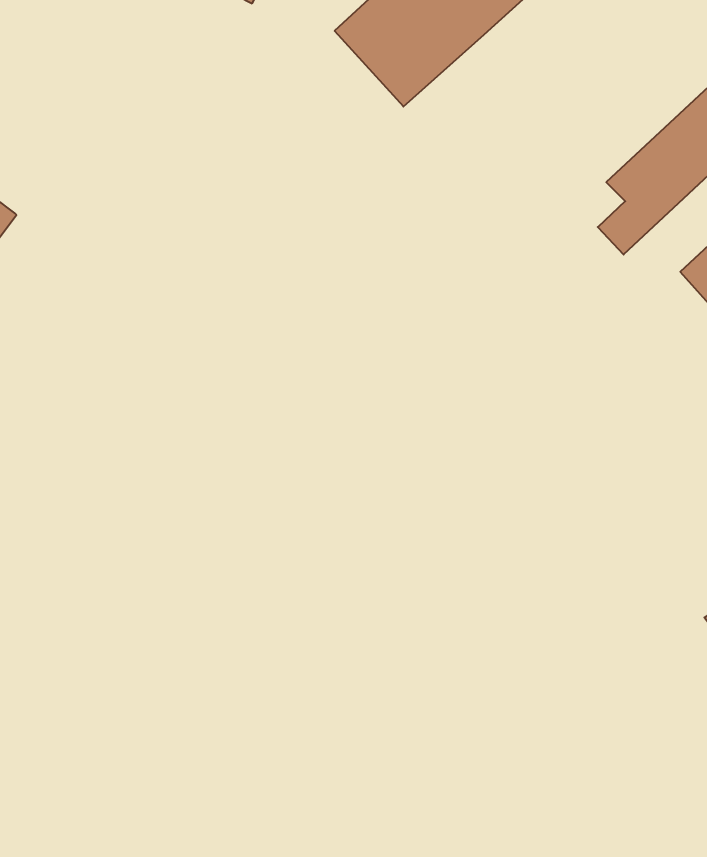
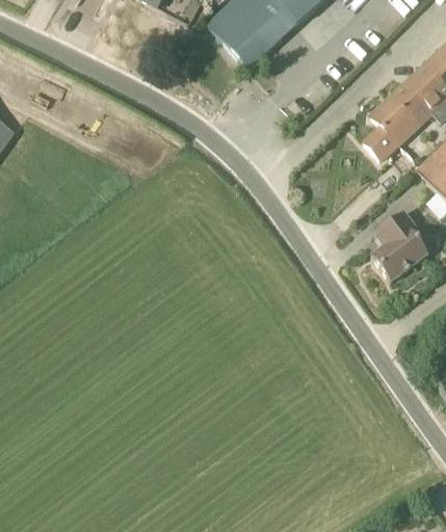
building: none -> [373,209,429,278]

